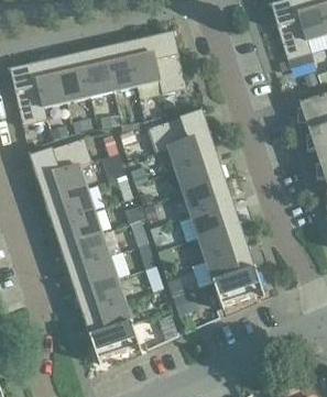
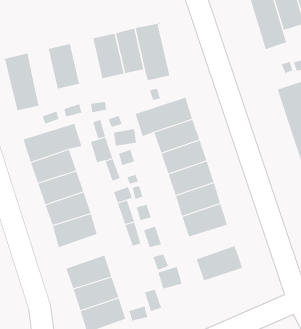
building: [79,48,112,97] -> none
building: [34,59,65,107] -> none
building: [205,246,254,283] -> none
building: [66,256,116,293] -> none

